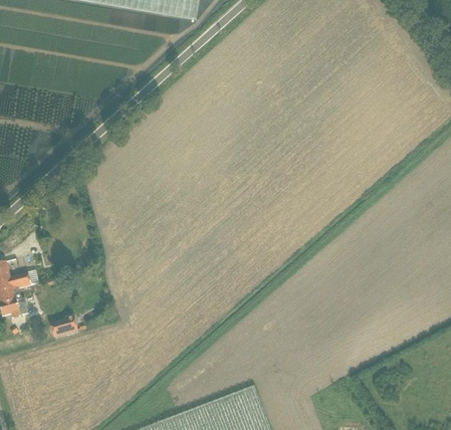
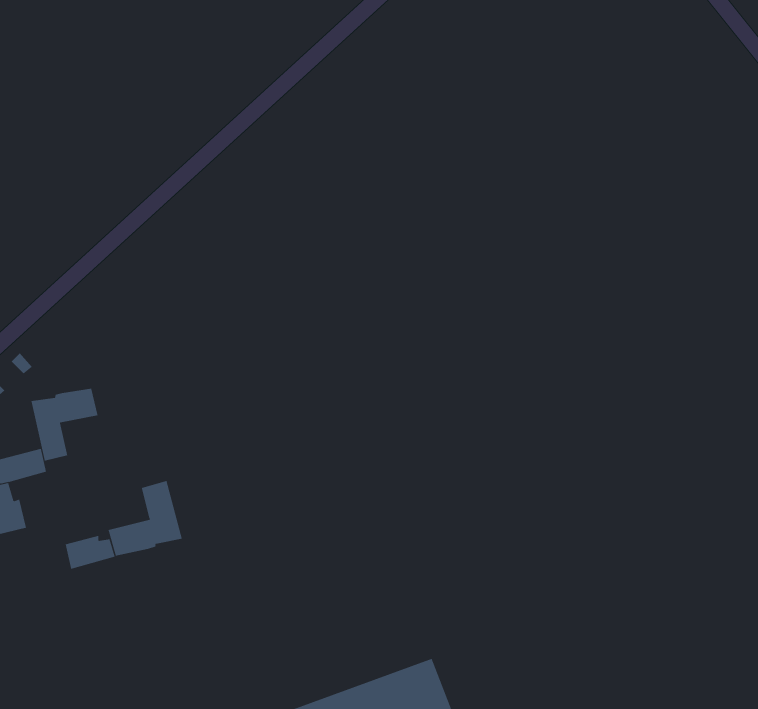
building: none -> [31,388,98,461]
building: none -> [108,480,183,556]

